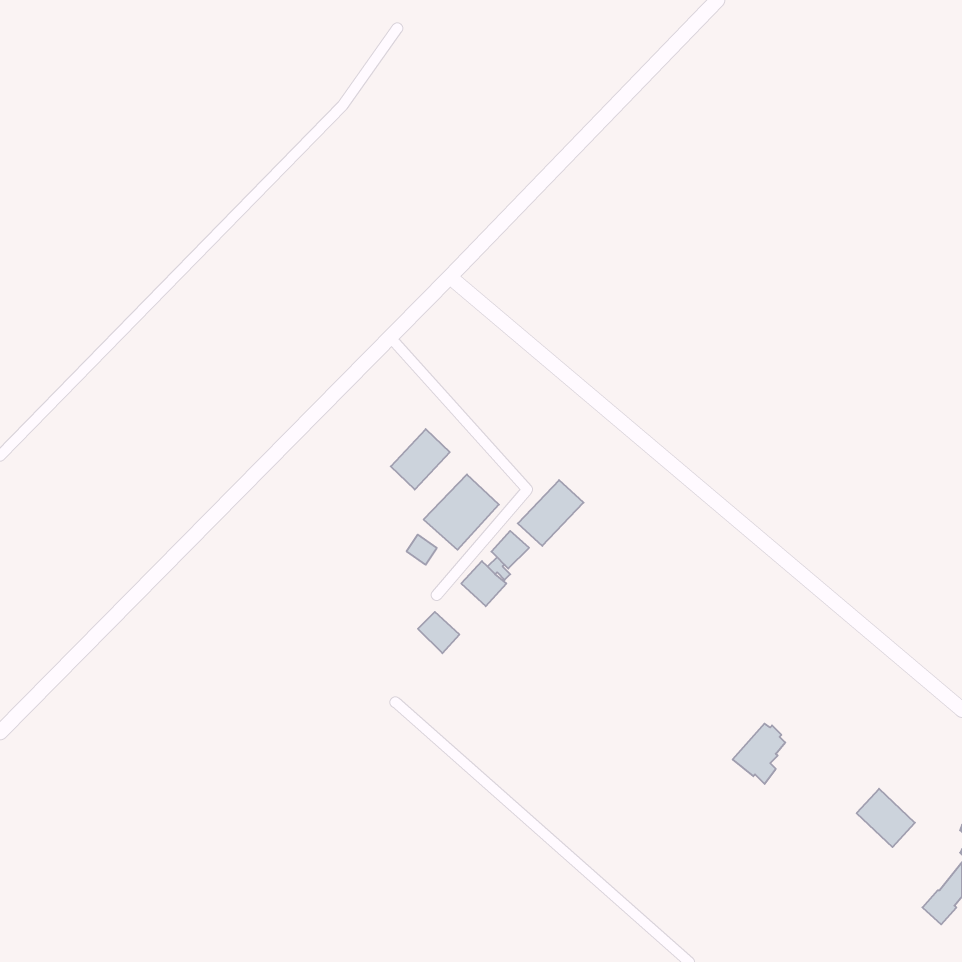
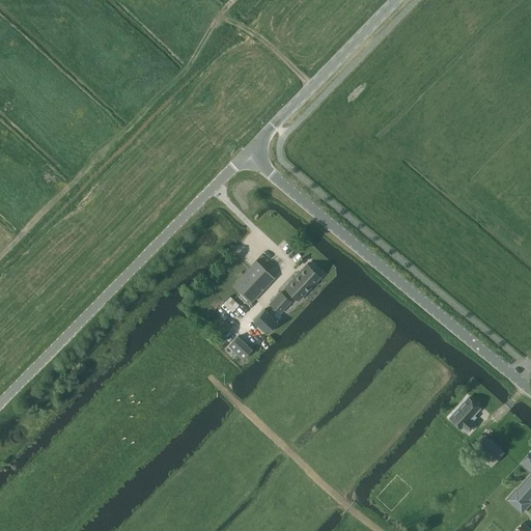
building: [391,429,450,490] -> none
building: [733,724,785,784] -> [450,398,479,431]

